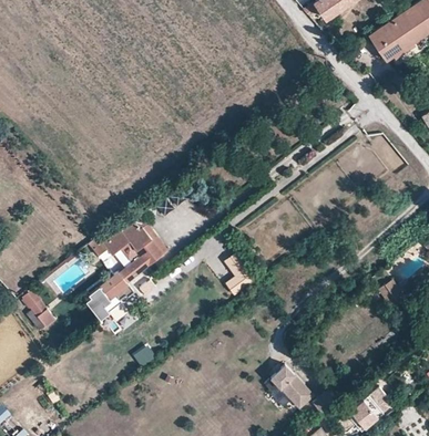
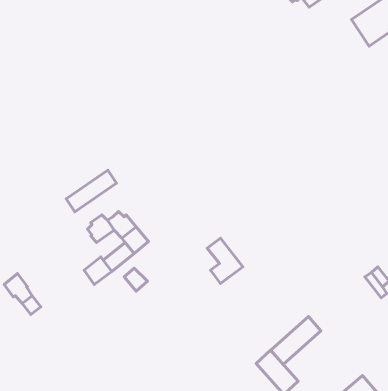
building: none -> [66,170,117,212]
building: [85,284,110,318] -> none
building: none -> [271,317,321,364]

